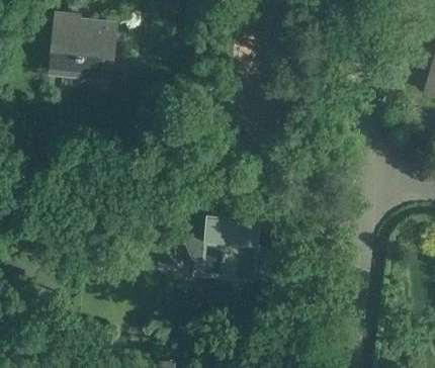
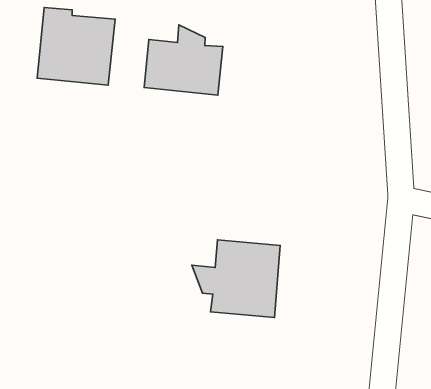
building: none -> [144,25,223,95]

